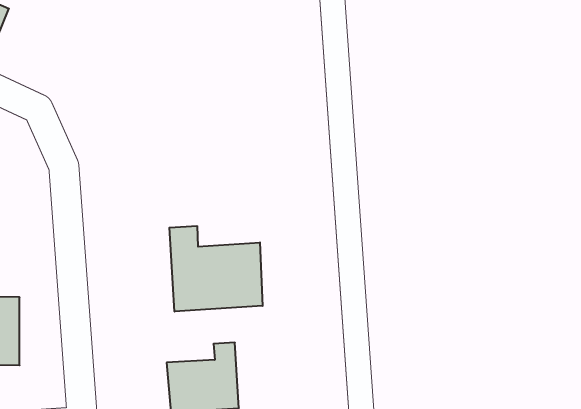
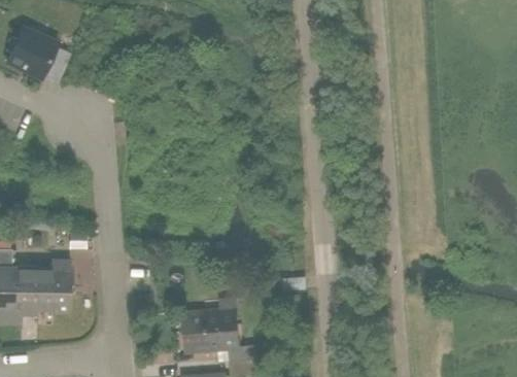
building: [169,226,263,312] -> none

